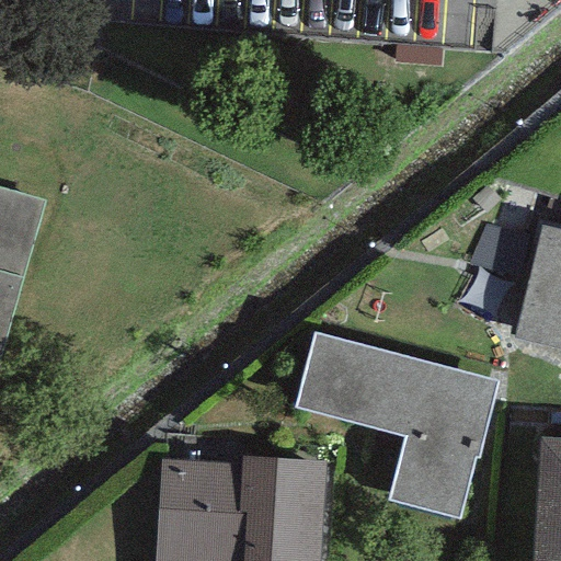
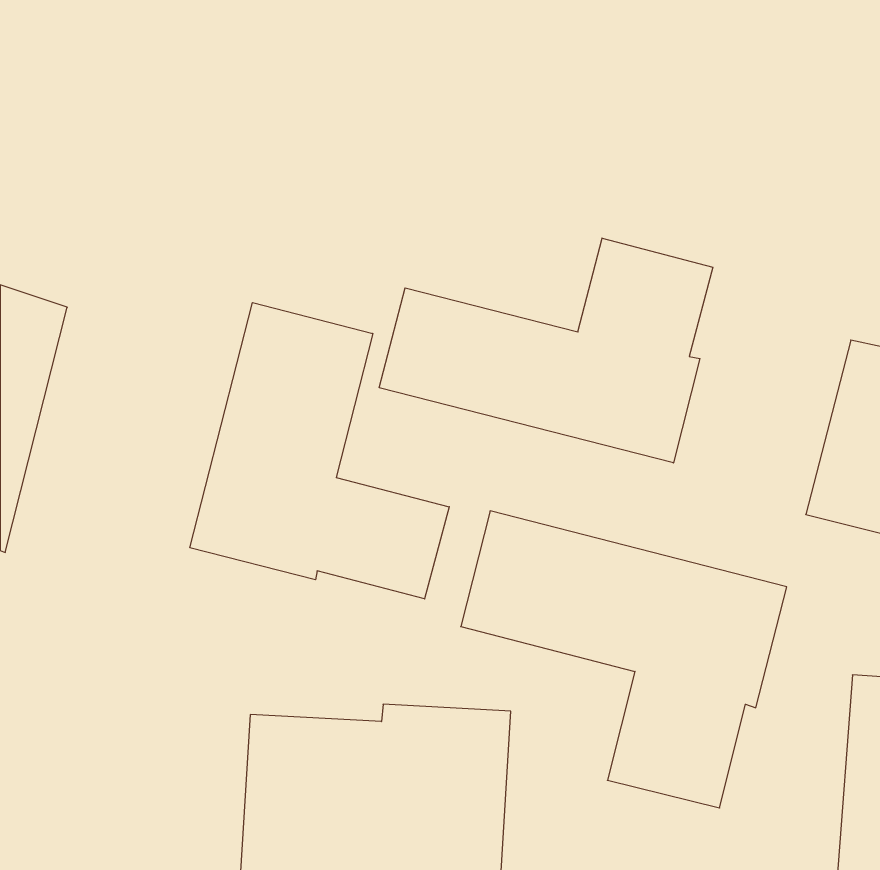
building: none -> [379,238,713,463]
building: none -> [190,303,449,599]

